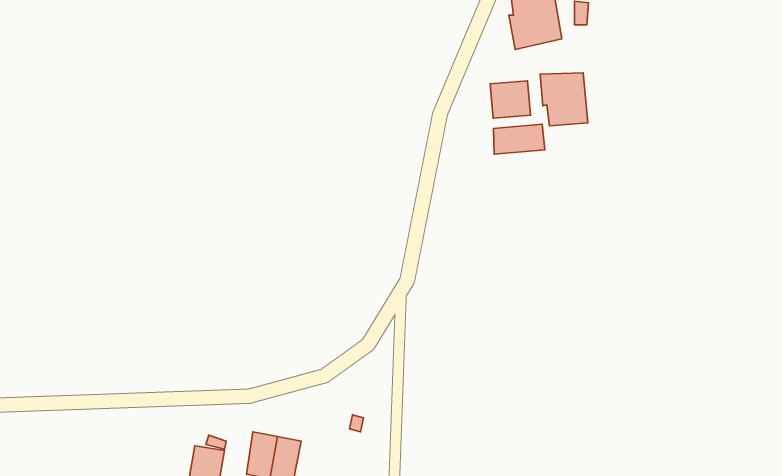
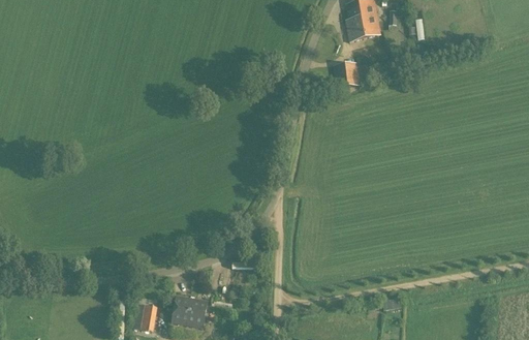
building: [540,73,588,126] -> none
building: [493,124,545,154] -> none

